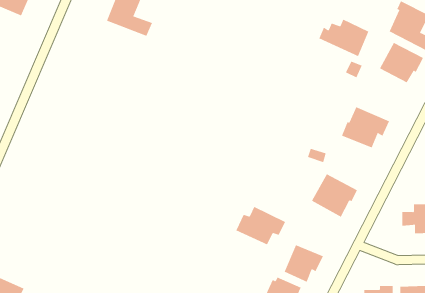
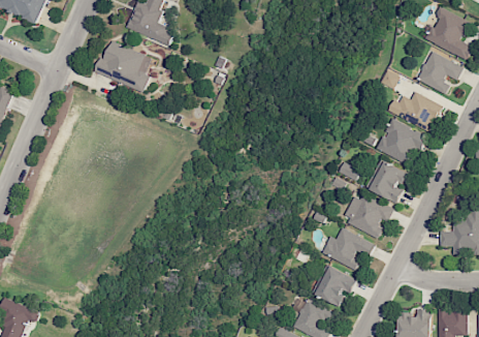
building: [319,19,369,57] -> [388,91,442,131]
building: none -> [95,41,153,91]
building: none -> [368,159,407,202]
building: [235,206,286,245] -> [322,227,376,269]

